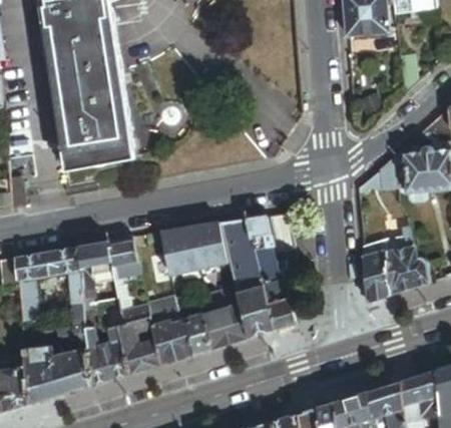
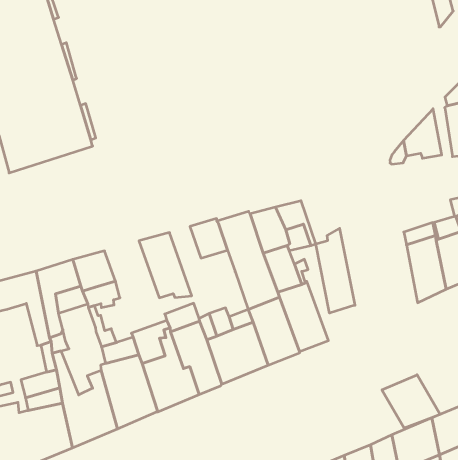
building: [183,225,231,278] -> none
building: none -> [316,228,355,313]
building: none -> [382,375,440,428]

